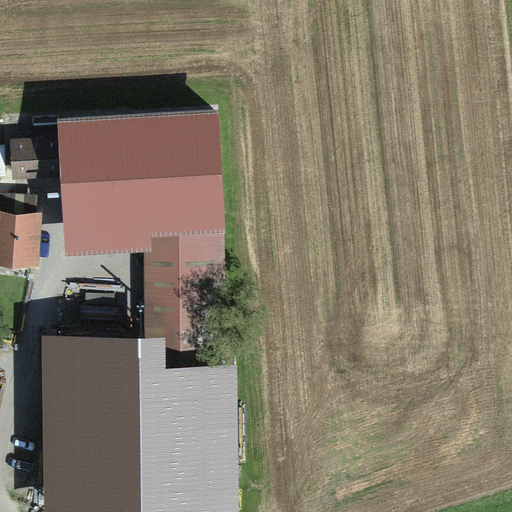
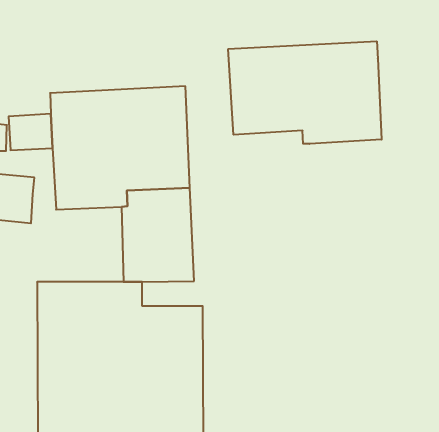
building: none -> [228,41,382,144]

